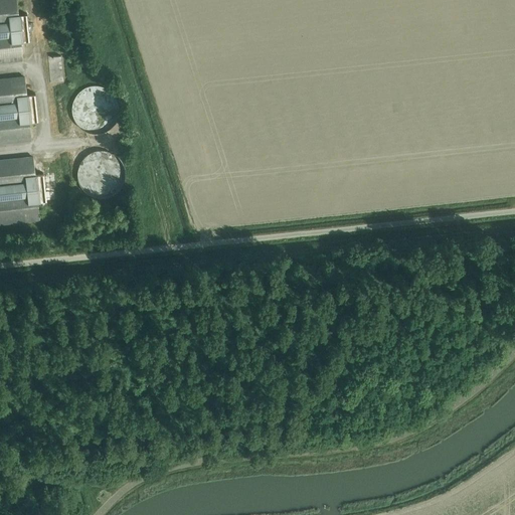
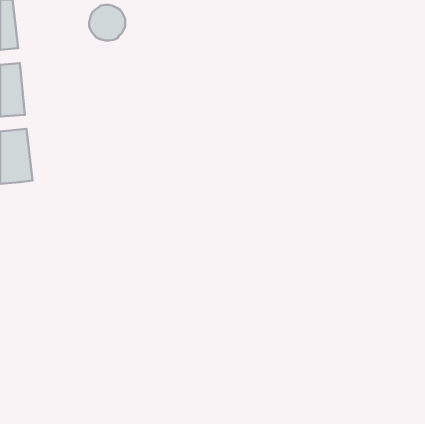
building: [70,82,114,126] -> [89,5,125,40]
building: [78,155,119,195] -> none

